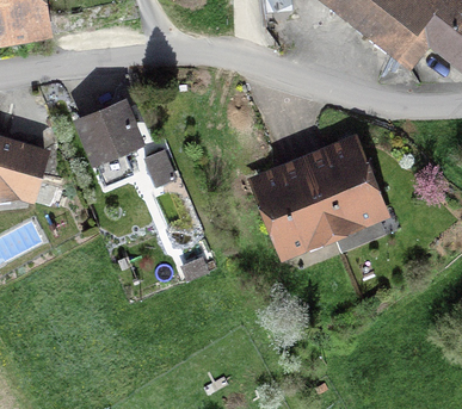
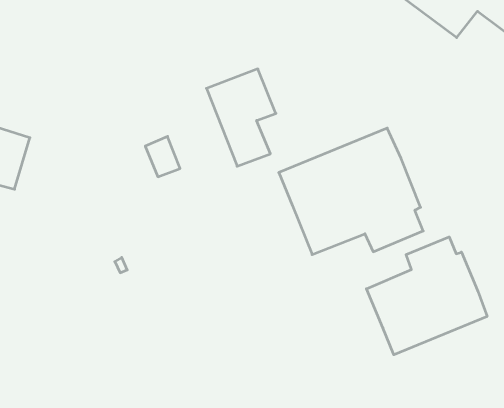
building: [80,105,140,188] -> [206,69,276,166]
building: none -> [366,237,487,355]

